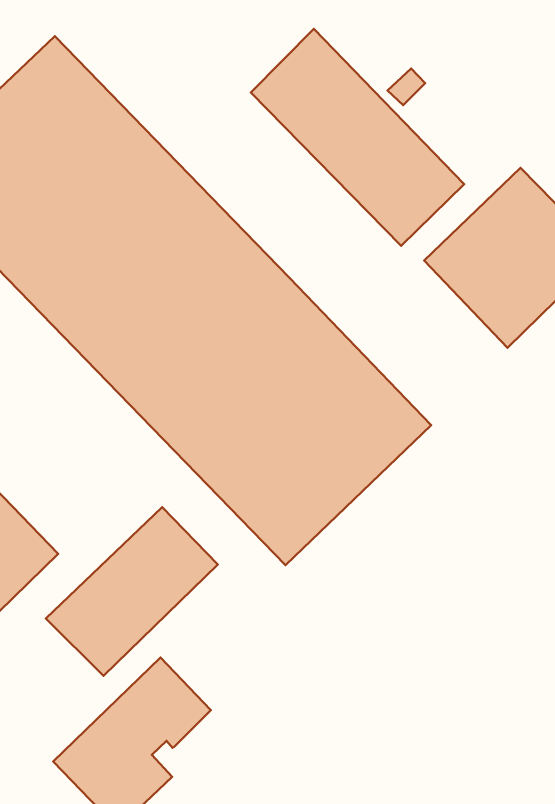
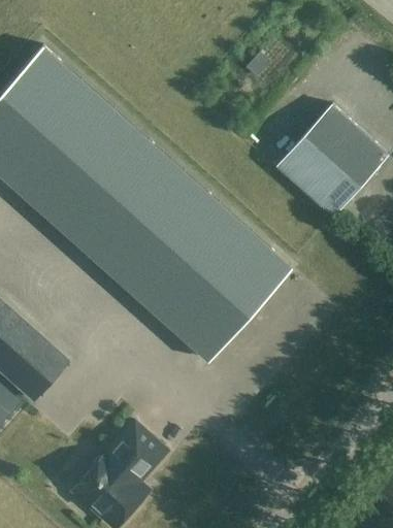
building: [251,29,464,246] -> none
building: [46,507,218,676] -> none

